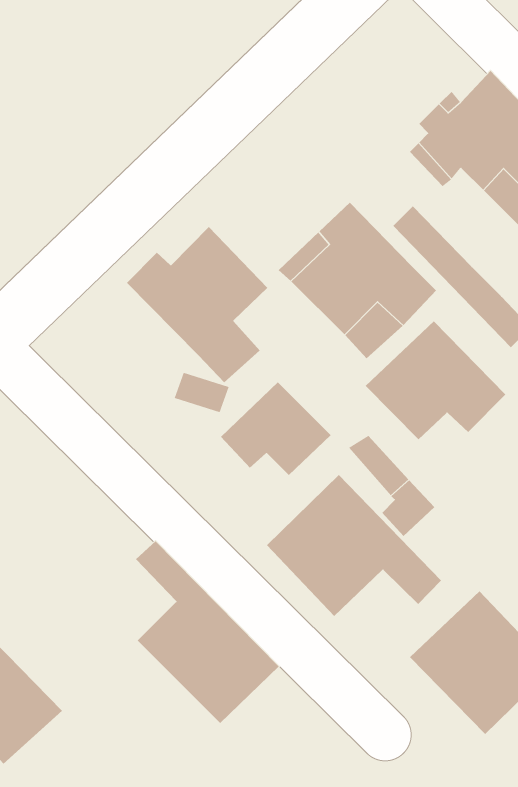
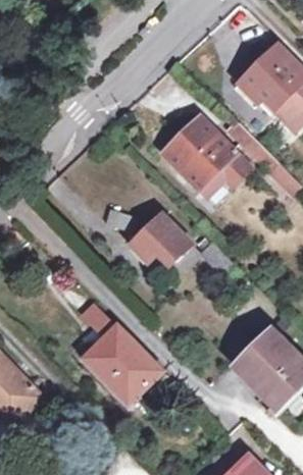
building: [126,226,268,383] -> none
building: [365,321,506,440] -> none
building: [266,474,442,617] -> none

